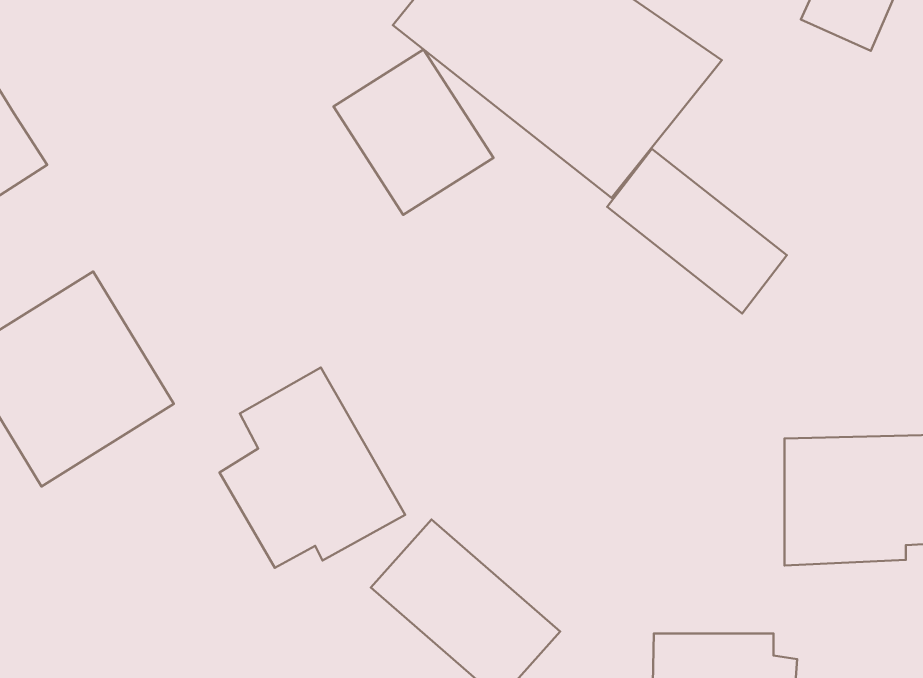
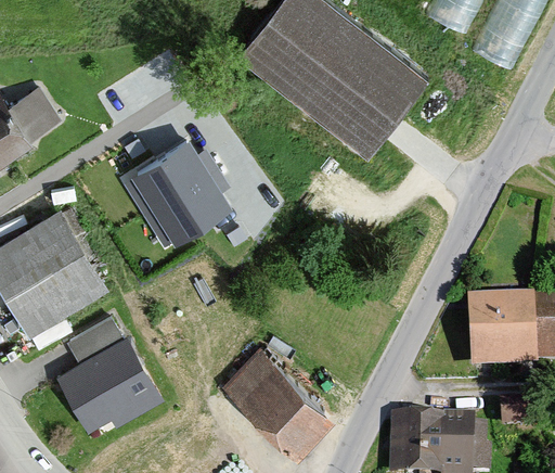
building: [333,49,493,215] -> [137,138,231,235]
building: none -> [12,93,61,142]
building: [607,149,787,313] -> none
building: [220,368,405,568] -> [55,314,165,432]

